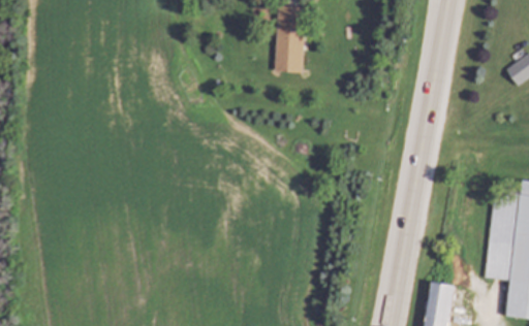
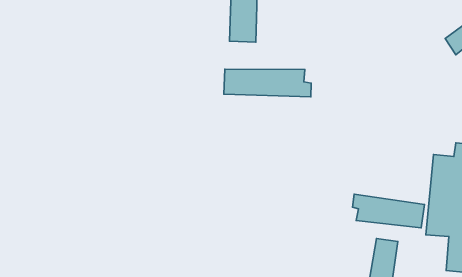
building: none -> [224,69,311,97]
building: none -> [353,194,424,228]

